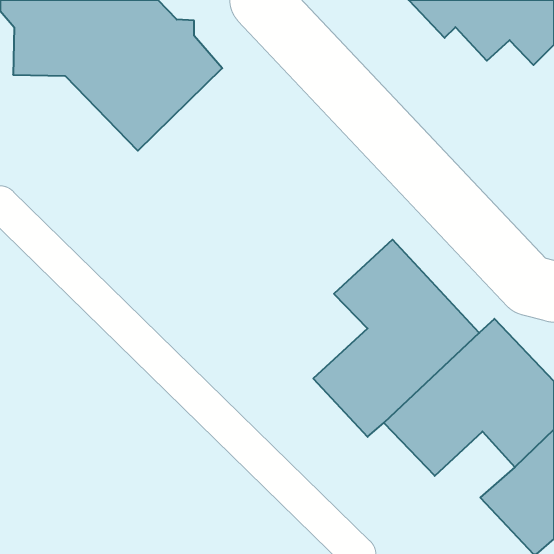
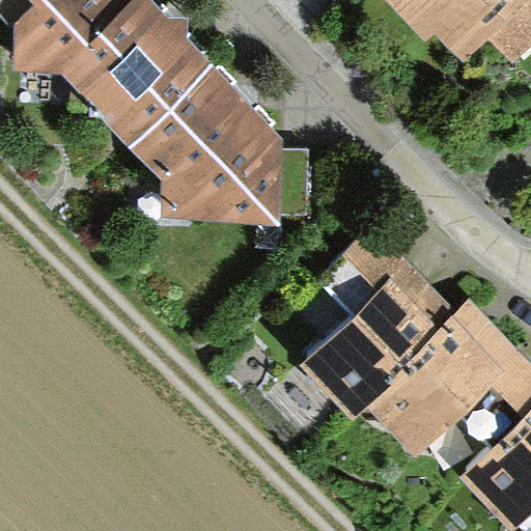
building: none -> [132,65,309,226]

